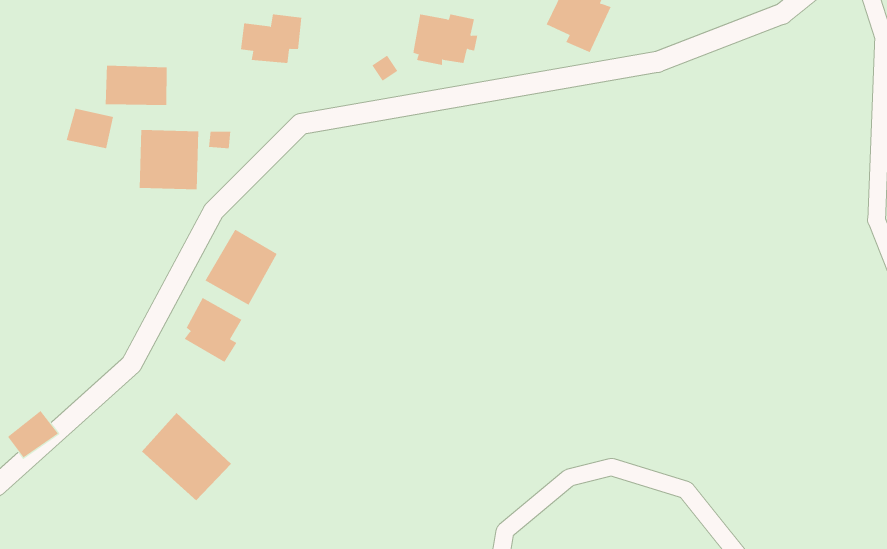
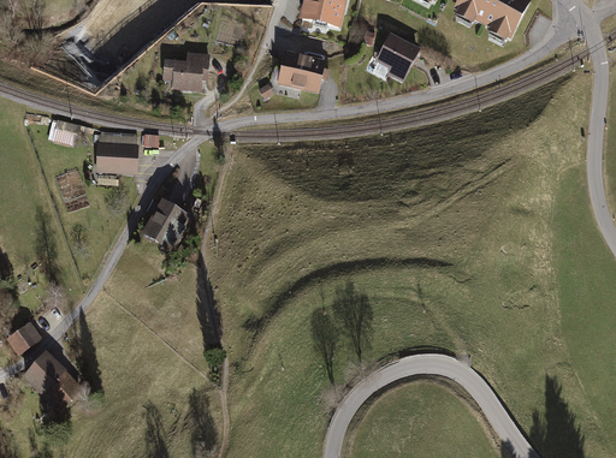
building: [105,65,167,106] -> none
building: [184,297,242,363] -> none
building: [141,412,232,501] -> [23,350,84,410]

